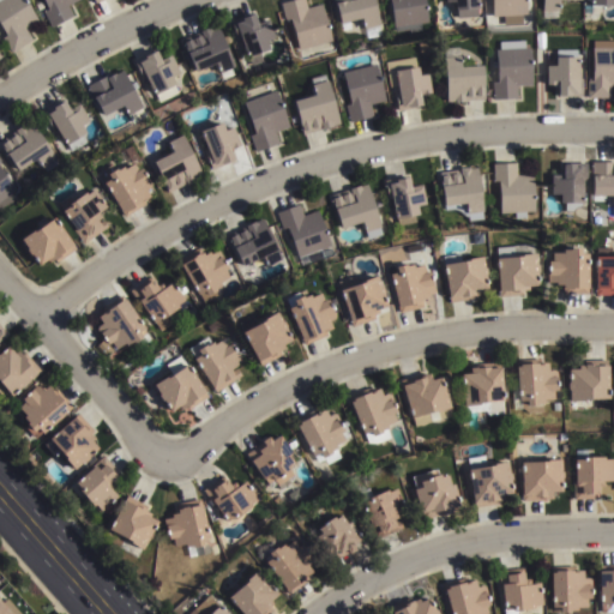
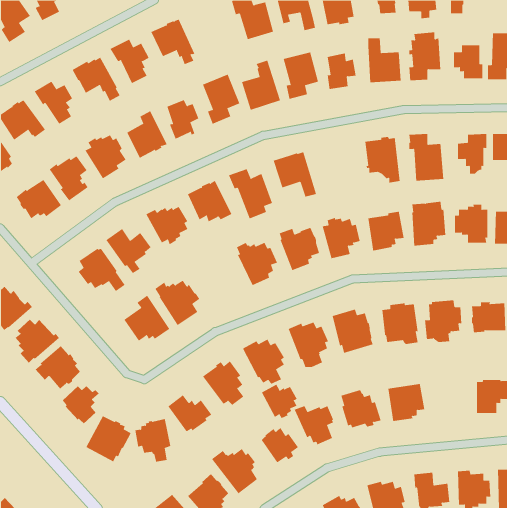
building: [233,11,277,66] -> none
building: [385,174,427,225] -> none
building: [241,311,291,366] -> none
building: [523,460,565,501] -> none
building: none -> [261,384,297,419]

